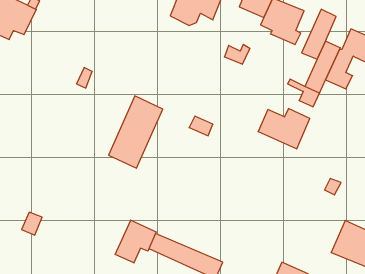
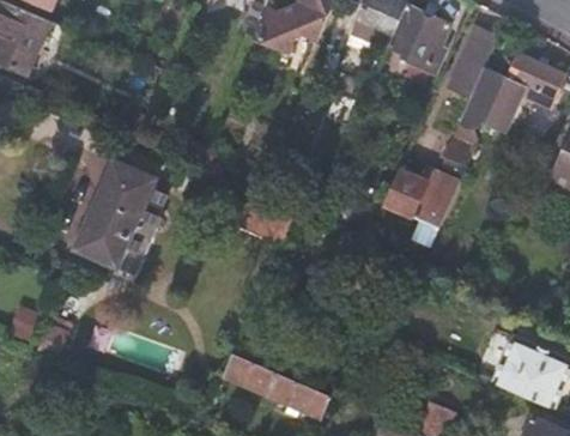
building: [109,96,163,168] -> [74,162,153,267]
building: [115,220,156,263] -> none

